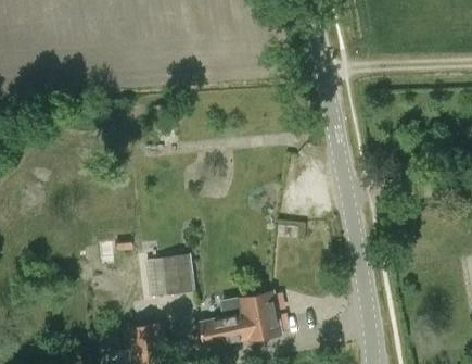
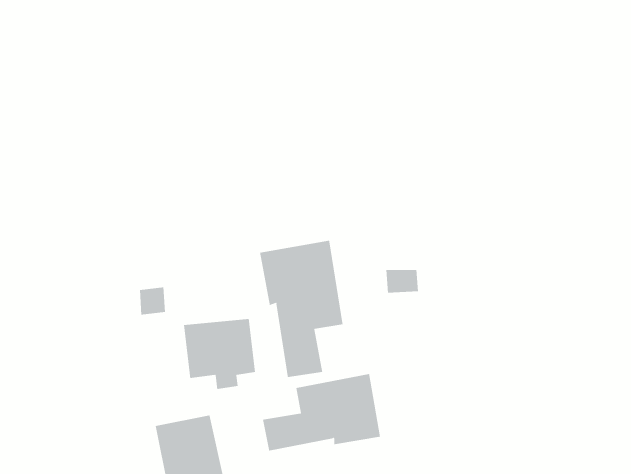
building: none -> [260,240,343,378]

